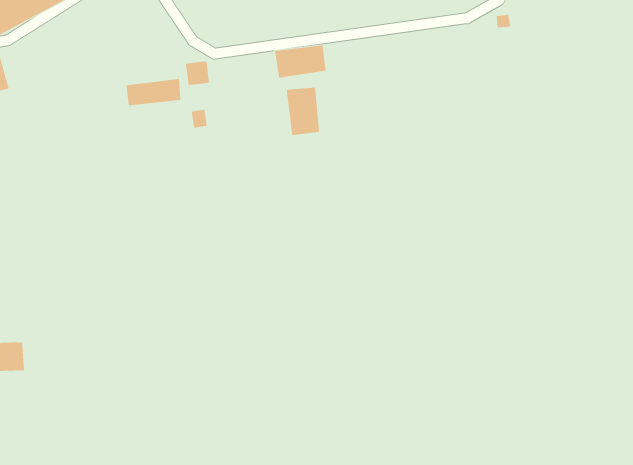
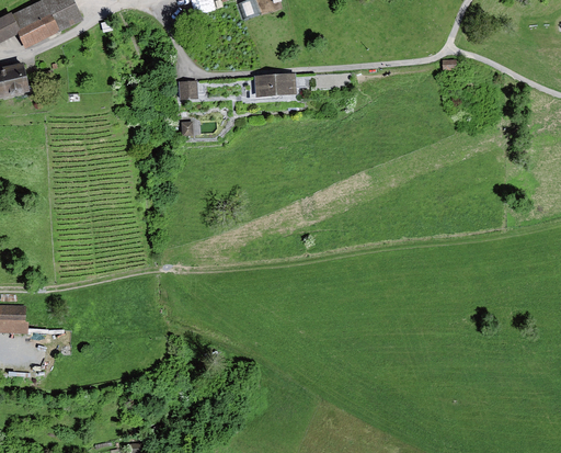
building: [126,78,181,106] -> none
building: [286,87,319,136] -> none

